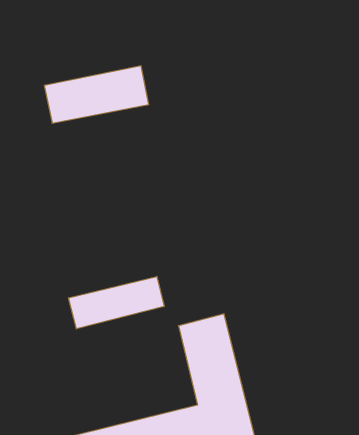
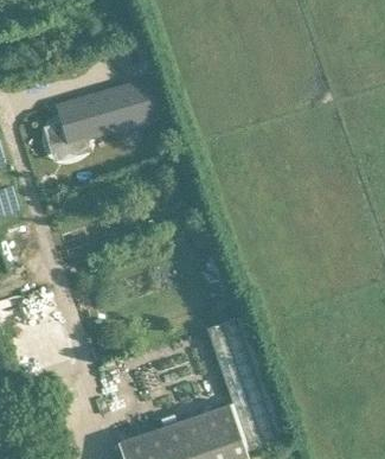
building: [69,276,164,329] -> none

